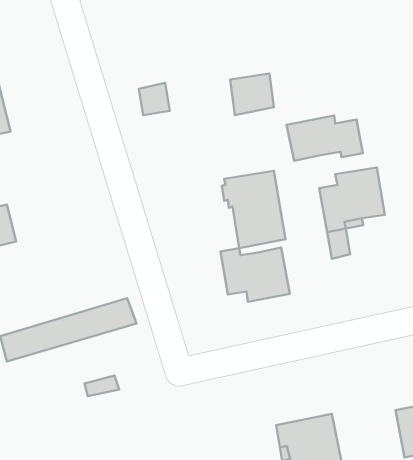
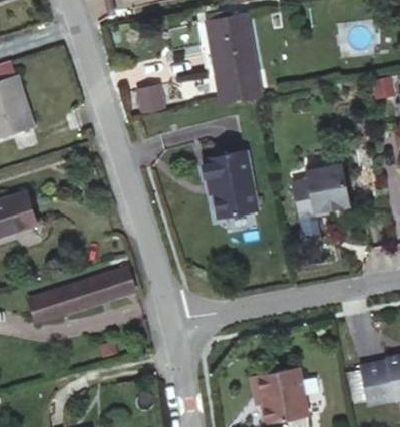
building: none -> [209,25,249,80]
building: [287,115,363,161] -> none
building: [221,248,290,302] -> none

